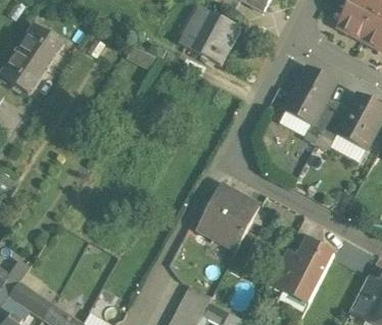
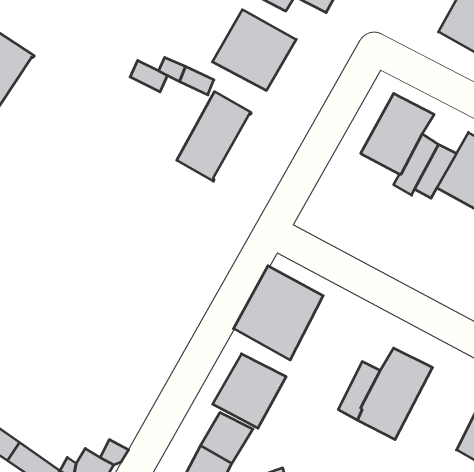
building: none -> [177,92,251,181]
building: none -> [213,354,286,428]

